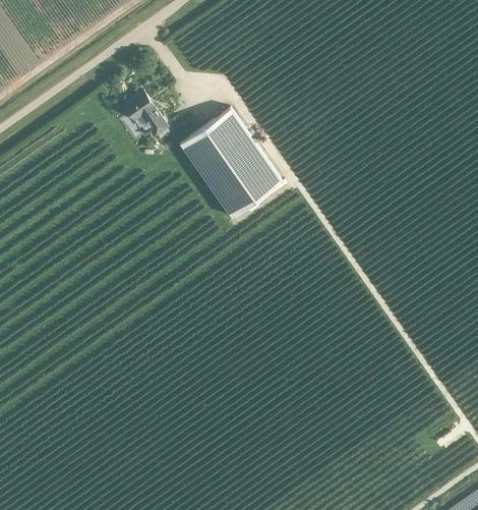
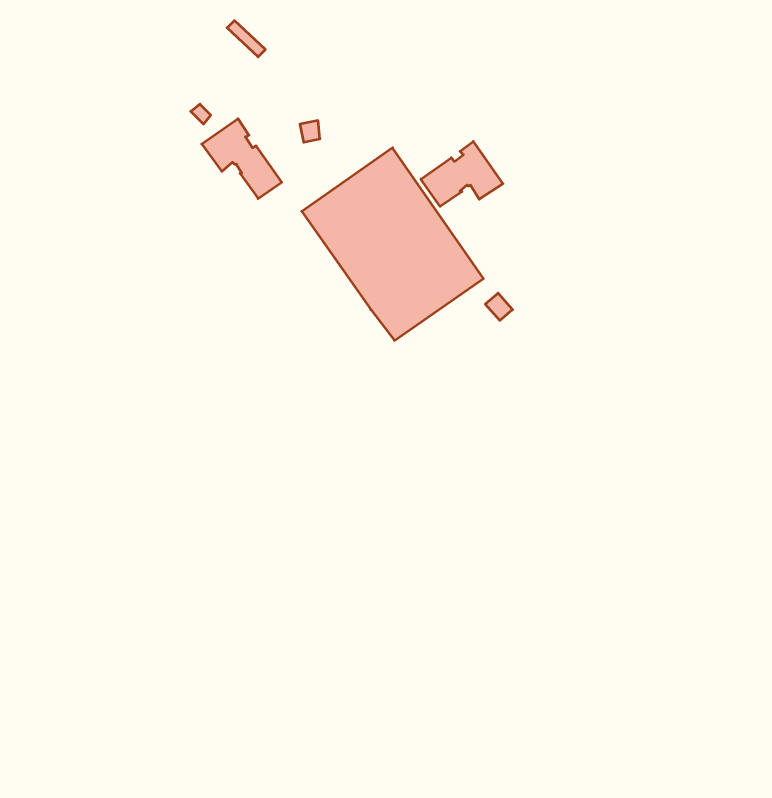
building: none -> [421,141,503,206]

